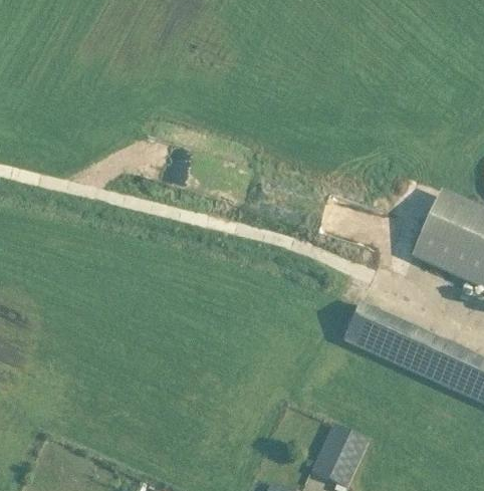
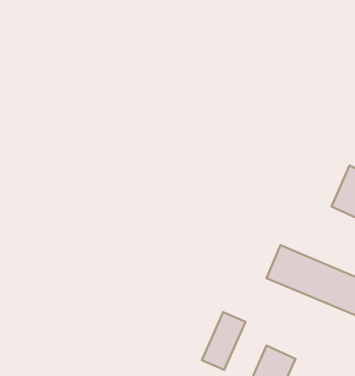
building: none -> [202,312,246,370]

